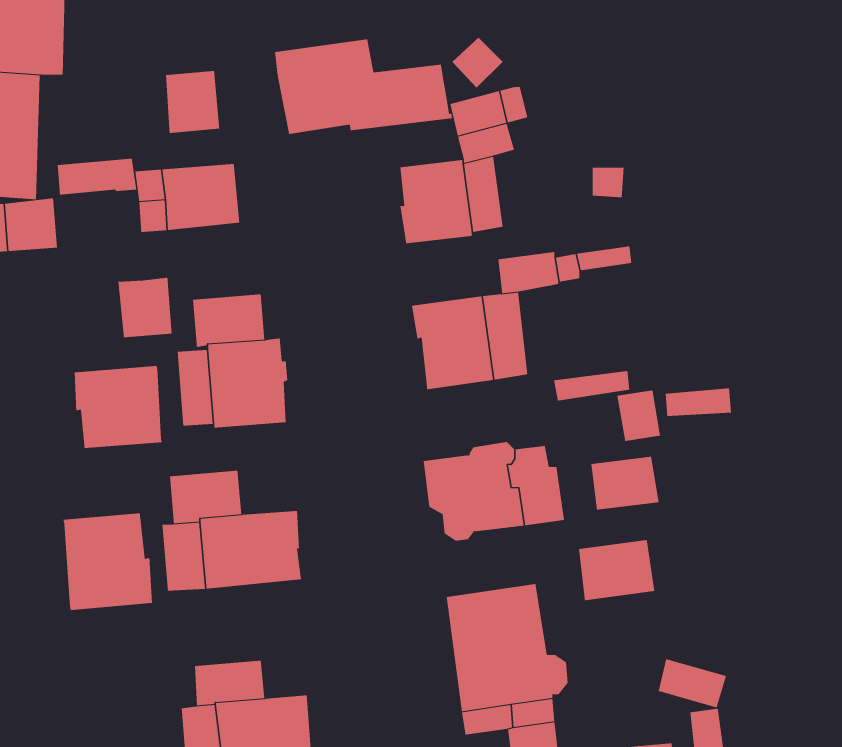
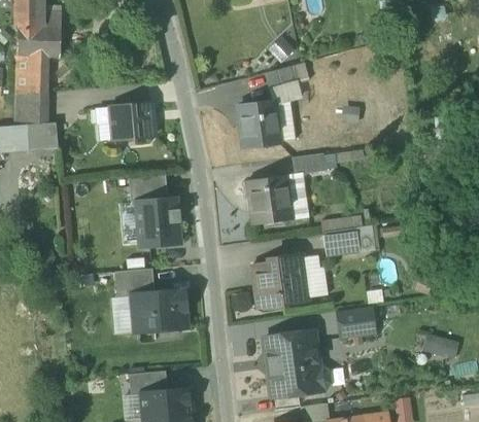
building: [274,38,452,135] -> none
building: [166,70,220,134] -> none
building: [57,158,137,195] -> none
building: [118,277,172,338] -> none
building: [74,365,162,449] -> none
building: [590,456,660,510] -> [323,228,361,257]
building: [63,513,152,611] -> none
building: [658,658,727,708] -> [422,332,459,359]

